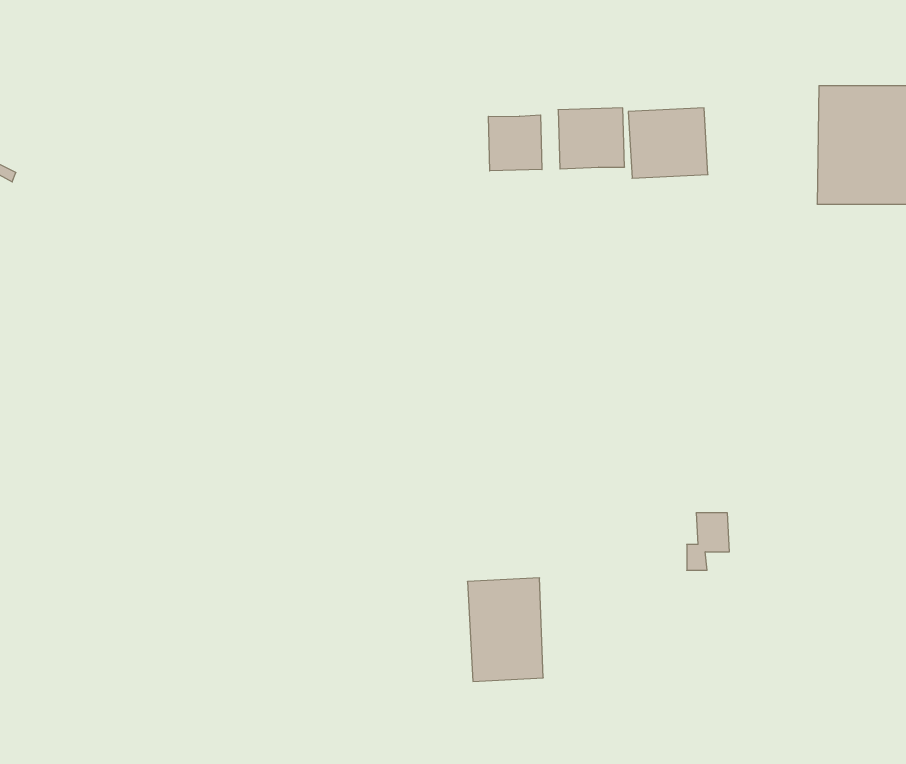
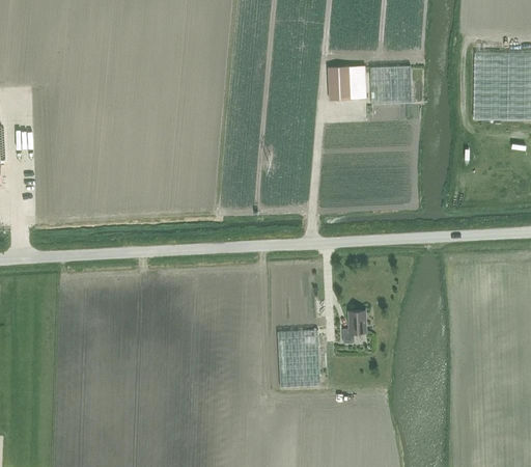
building: [488,115,542,171] -> none
building: [687,513,729,570] -> [342,310,366,342]

